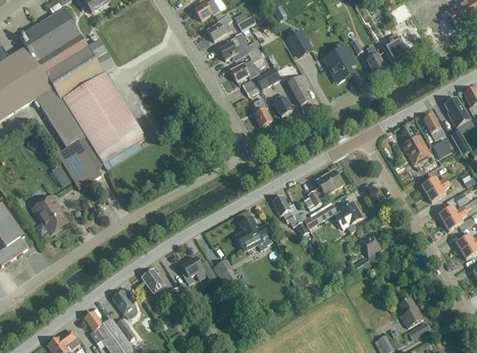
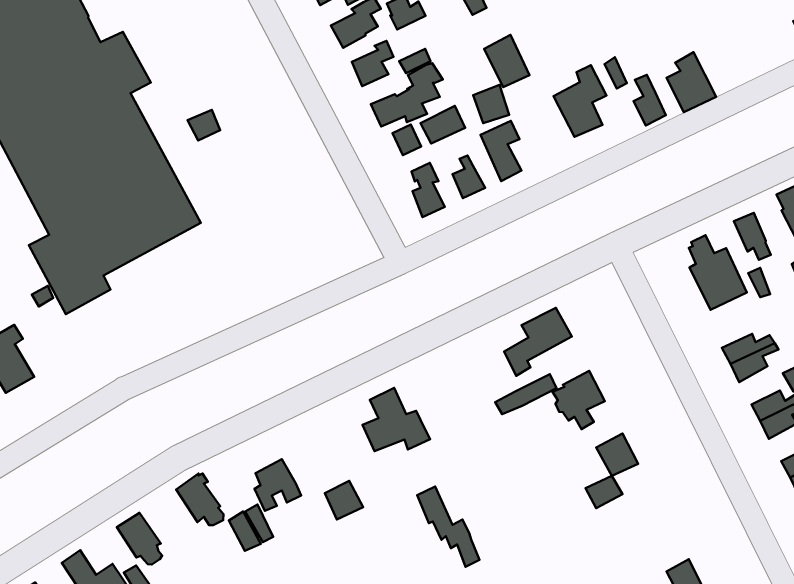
building: [273,195,308,236] -> [417,486,480,567]

